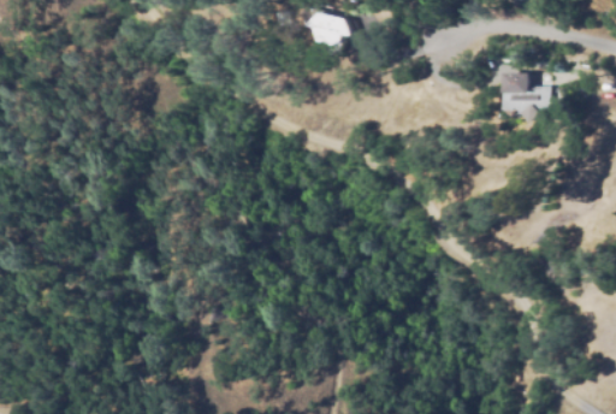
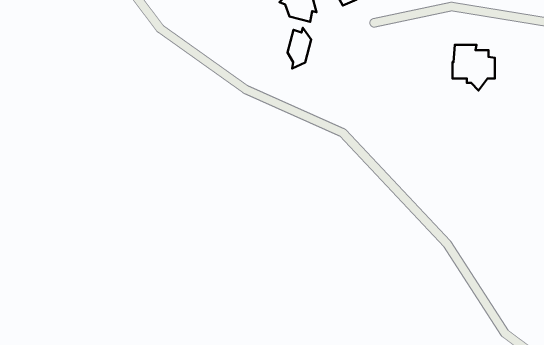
building: none -> [287,28,311,69]

